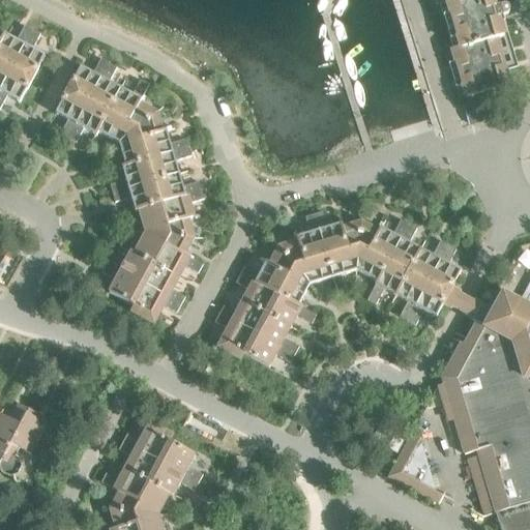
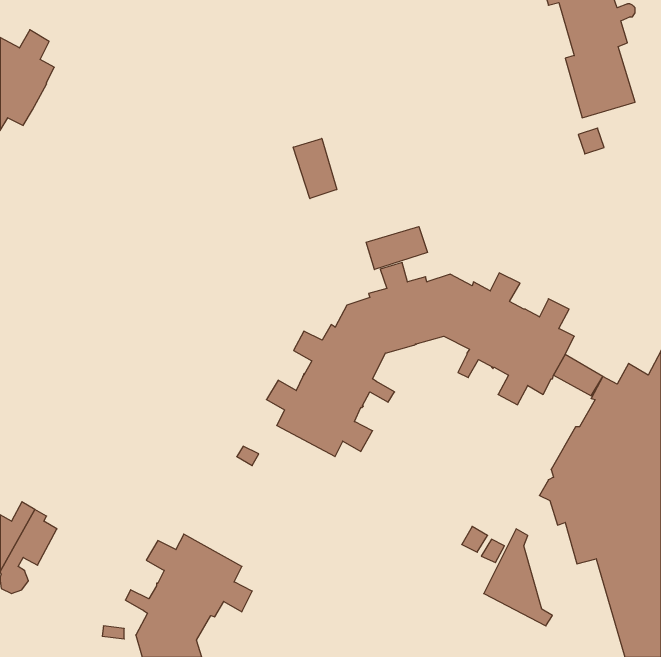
building: [55,57,203,316] -> none
building: none -> [293,138,337,199]
building: none -> [366,227,428,270]

